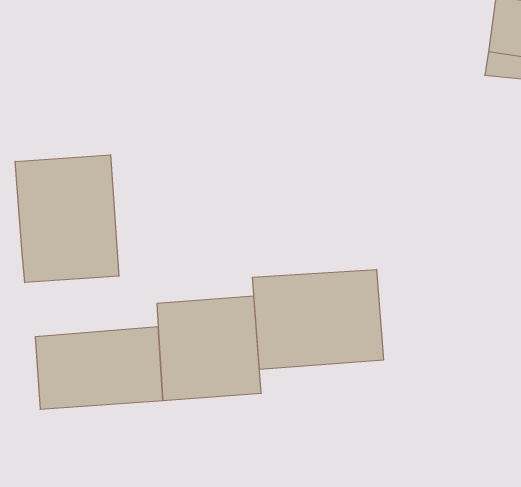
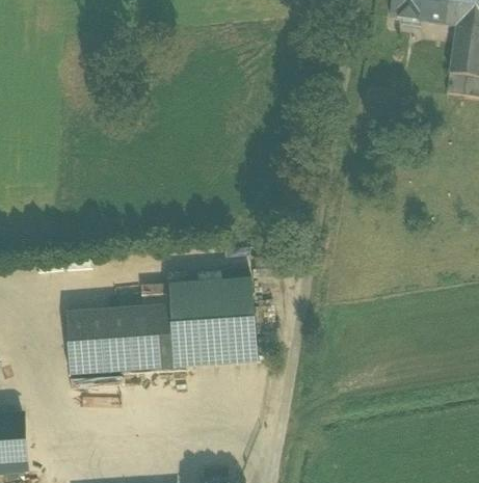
building: [15,155,119,283] -> none
building: [252,269,383,369] -> none

